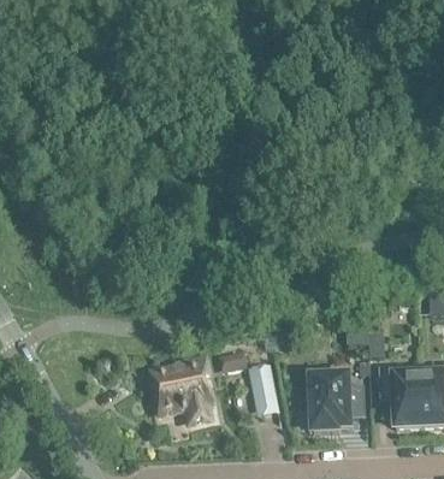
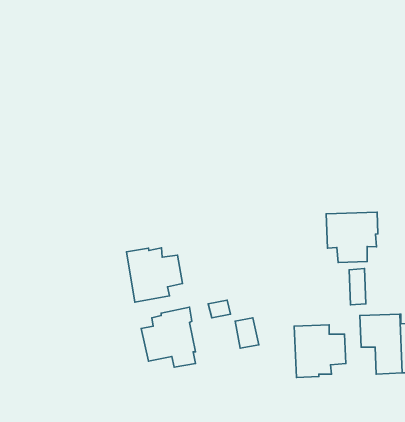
building: none -> [326,212,378,262]
building: none -> [126,248,182,302]

